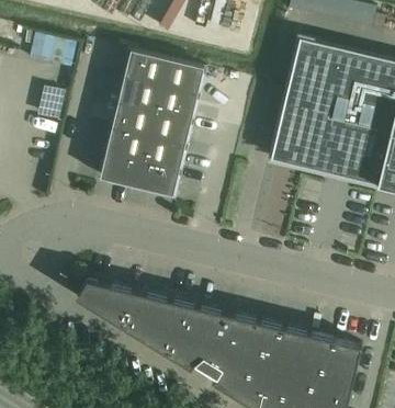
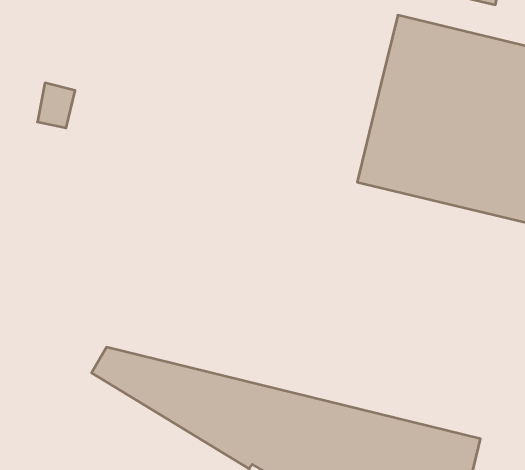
building: [100,50,204,196] -> none

